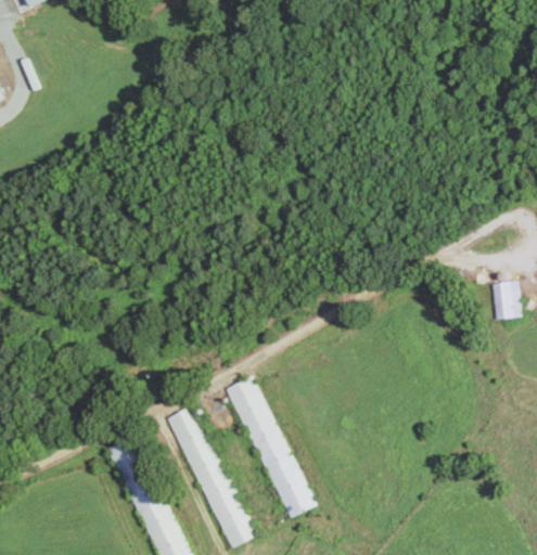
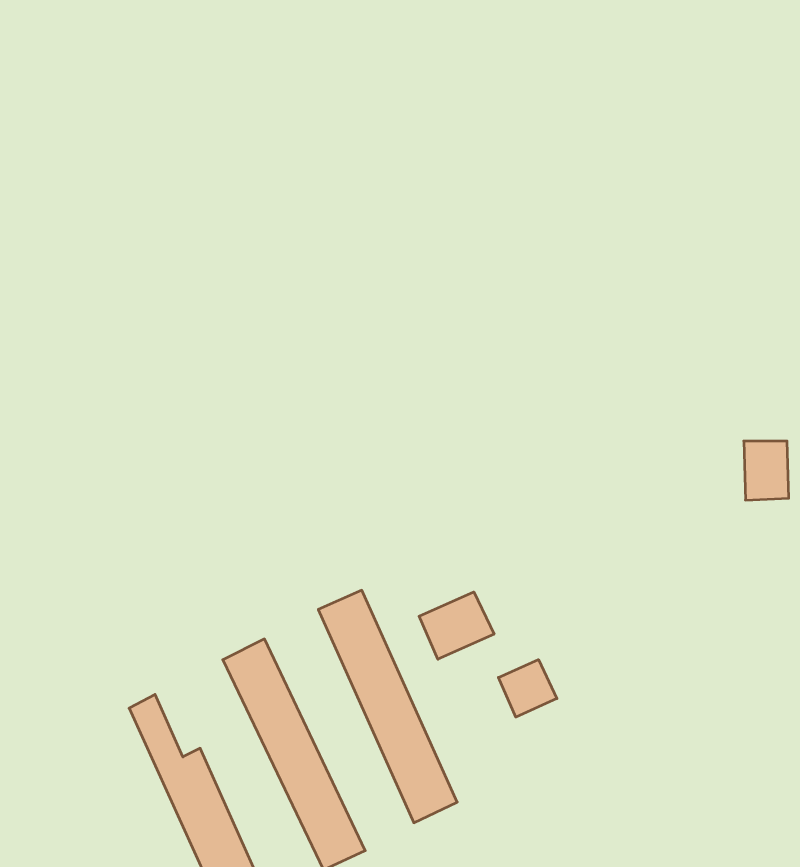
building: none -> [419,592,494,659]
building: none -> [498,660,557,717]

